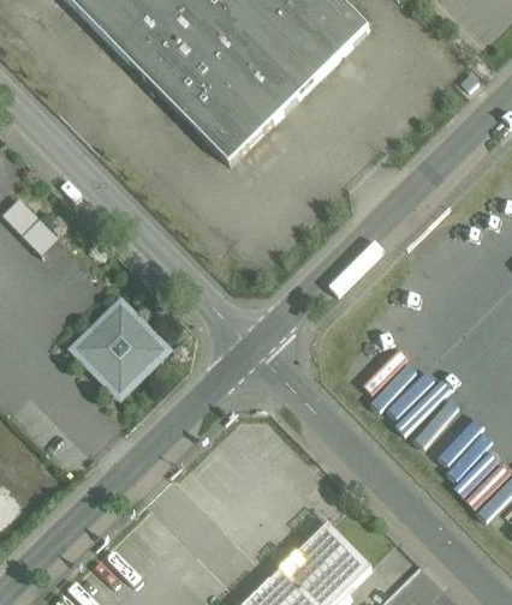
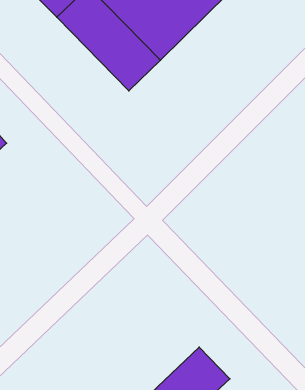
building: [76,304,165,393] -> none

